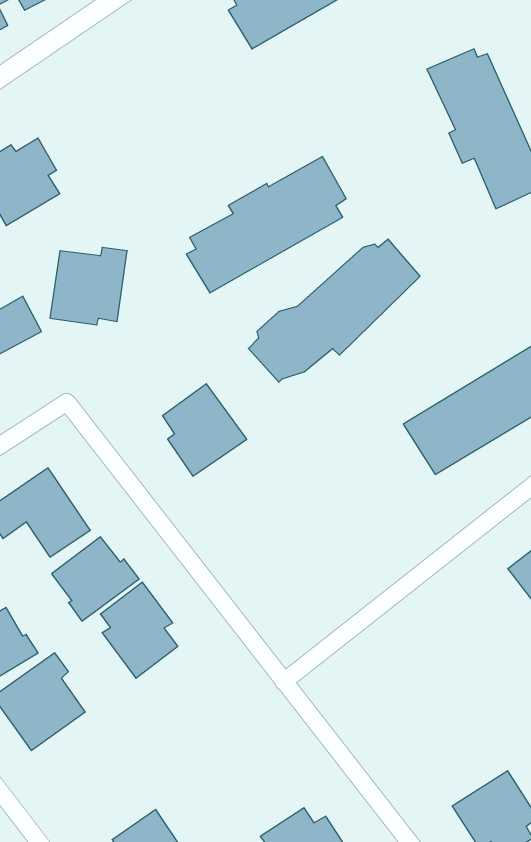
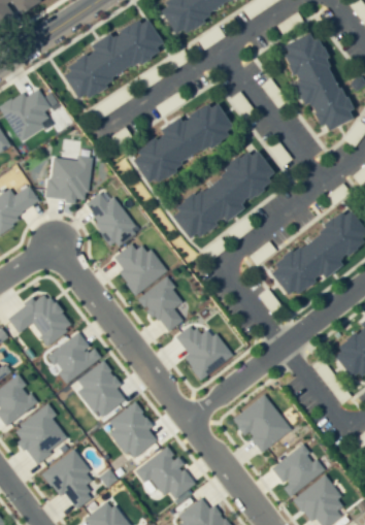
building: none -> [58,15,162,98]
building: none -> [85,193,139,249]
building: none -> [139,276,185,334]
building: none -> [175,325,232,381]
building: none -> [231,395,292,453]
building: none -> [109,403,158,460]
building: none -> [273,445,326,497]
building: none -> [136,448,196,499]
building: none -> [43,451,96,511]

